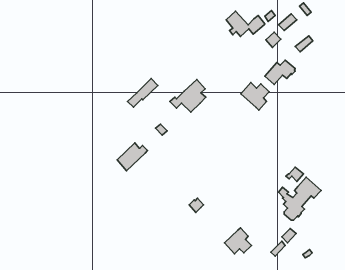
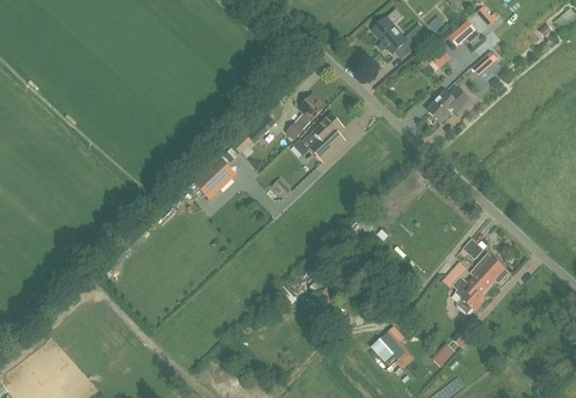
building: none -> [286,94,324,139]
building: [241,83,269,110] -> none
building: [117,143,148,171] -> [194,158,238,198]

